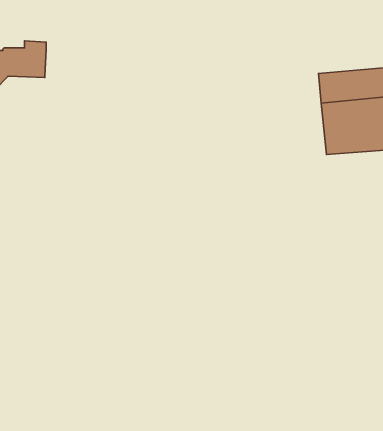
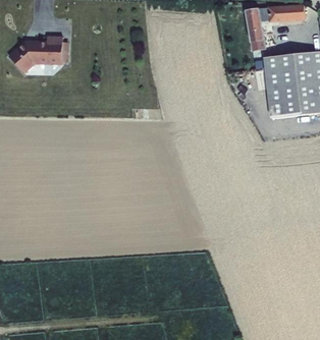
building: none -> [247,8,305,51]

